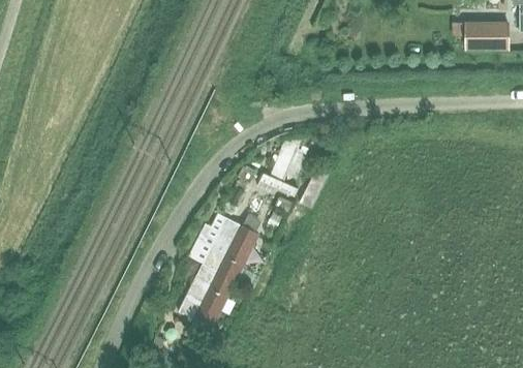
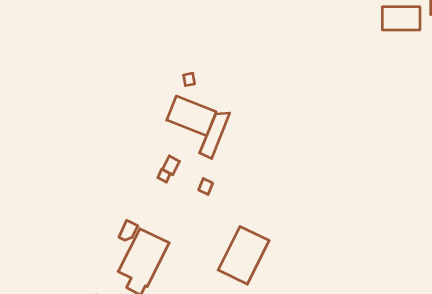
building: none -> [167,96,216,136]
building: [203,217,258,280] -> [218,226,269,284]

